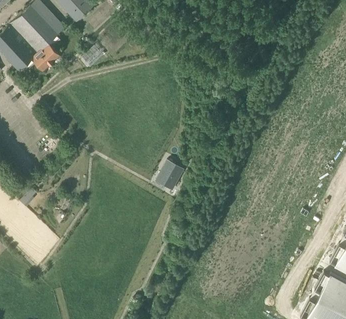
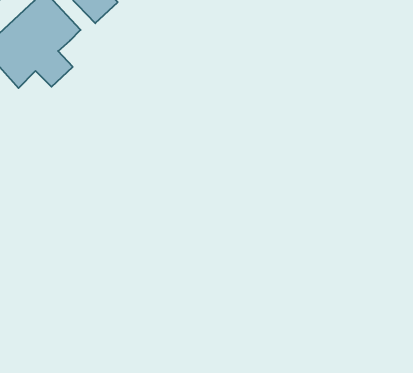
building: [155,162,183,192] -> none

